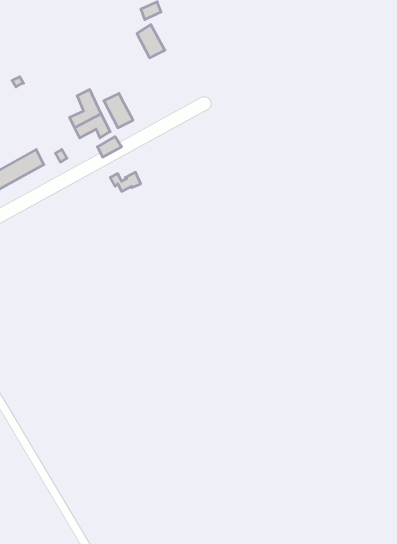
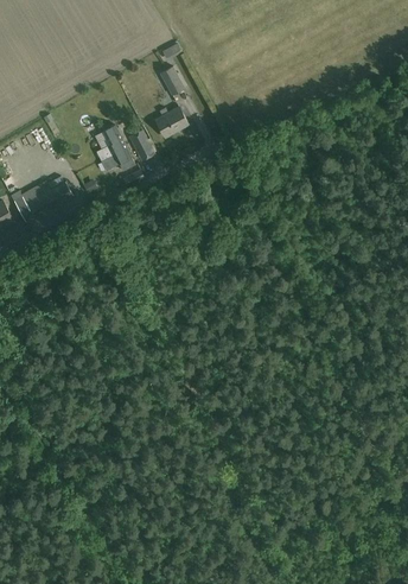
building: none -> [155,107,187,137]

